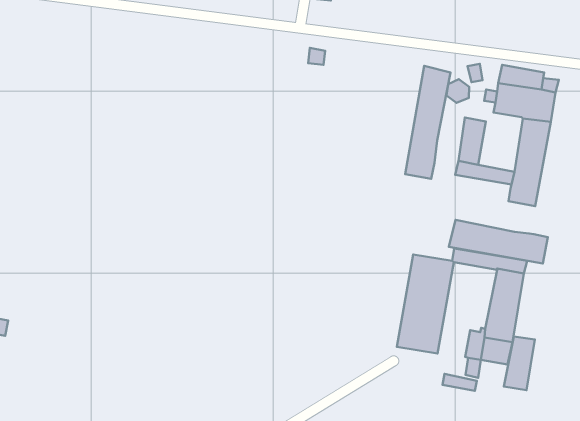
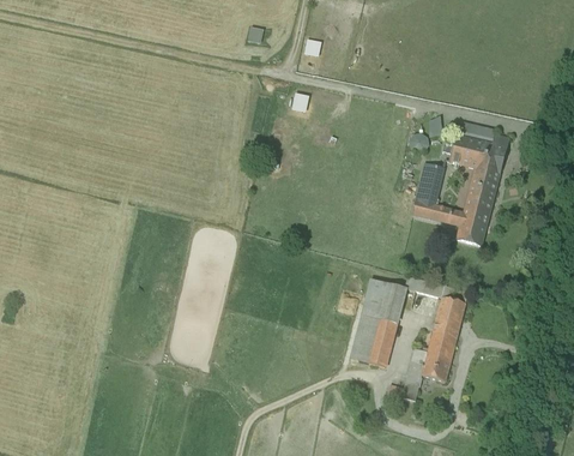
building: [405,66,450,179] -> none
building: [449,220,548,264] -> none
building: [504,336,535,390] -> none

